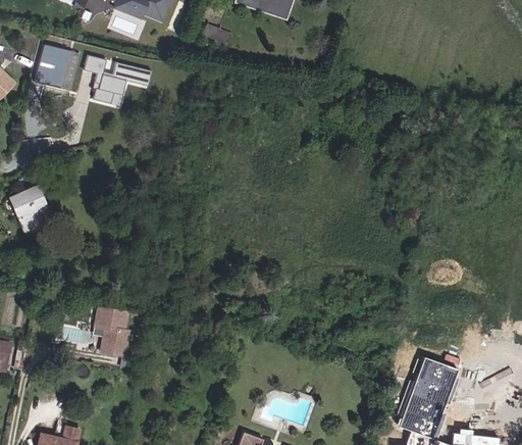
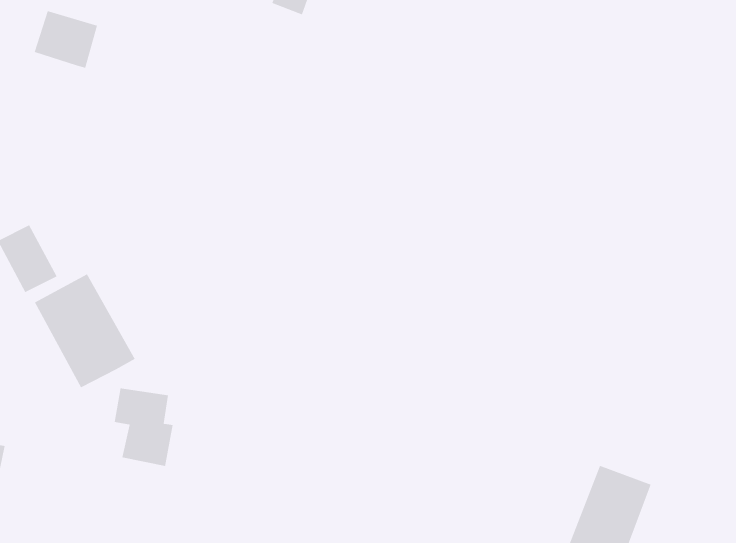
building: [83,55,152,105] -> none
building: none -> [34,274,135,388]

